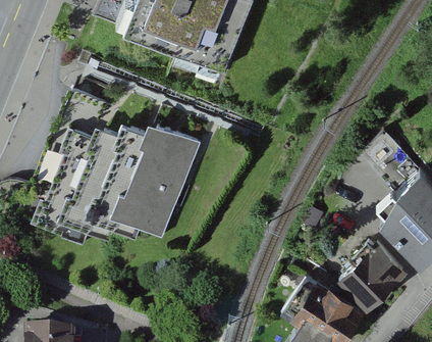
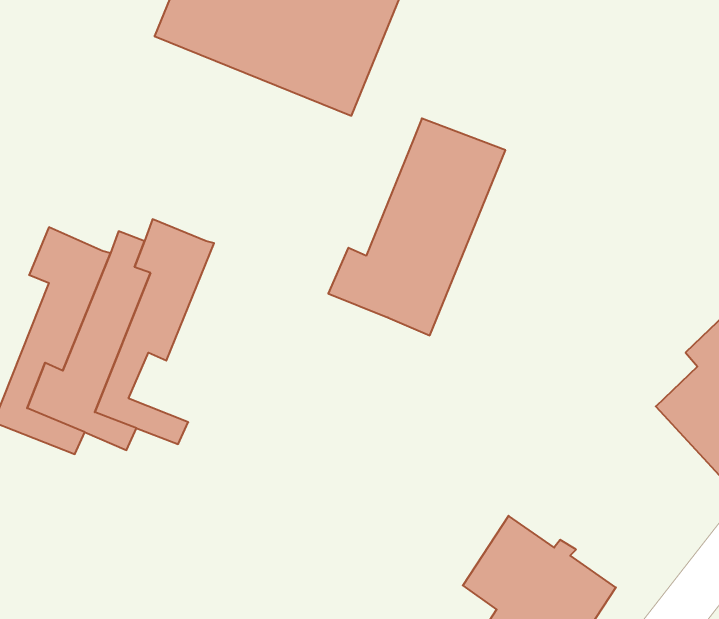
building: [110,124,201,235] -> [328,118,505,335]
building: [339,239,403,305] -> none

